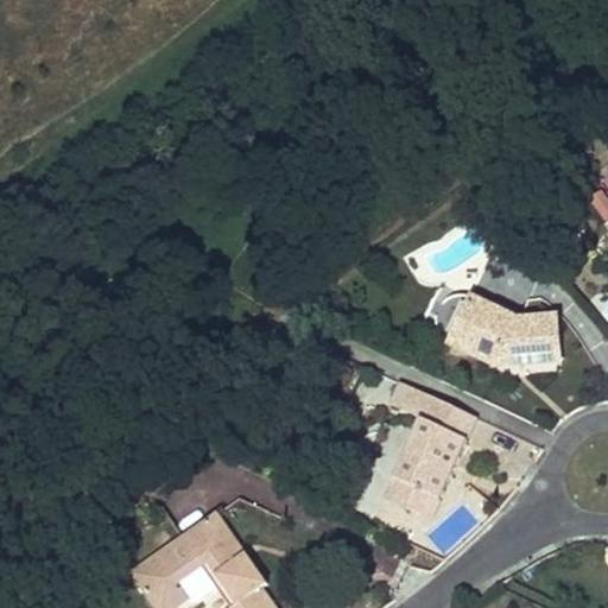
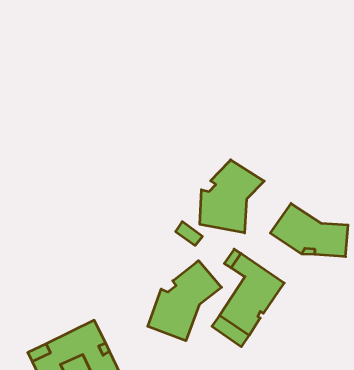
building: none -> [200,160,264,233]
building: none -> [148,261,222,341]

